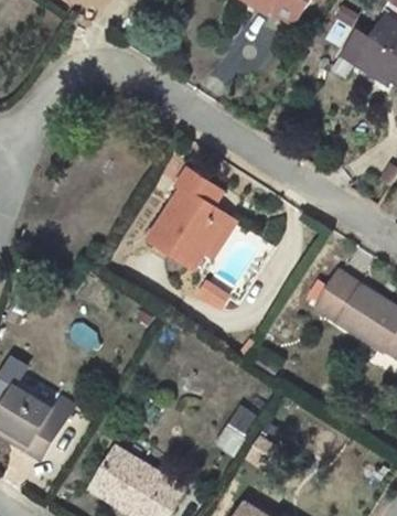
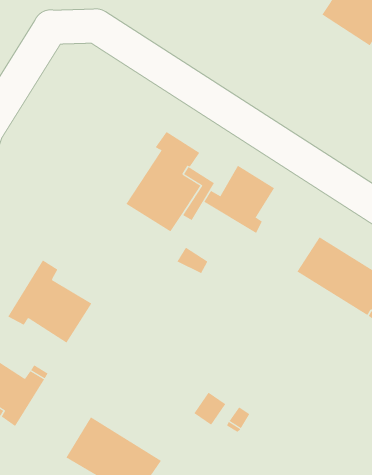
building: none -> [204,165,275,234]
building: none -> [7,260,92,343]

